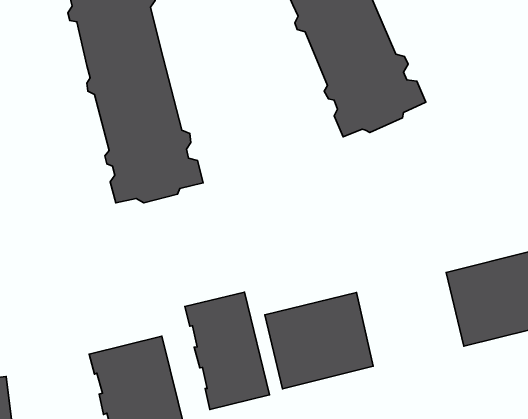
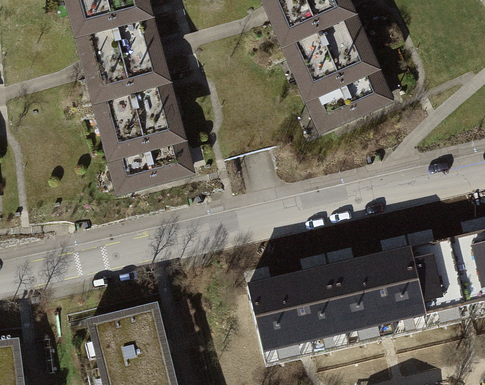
building: none -> [330,249,426,333]
building: [185,292,269,409] -> none

